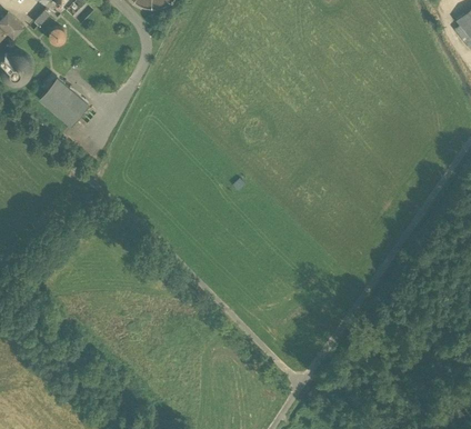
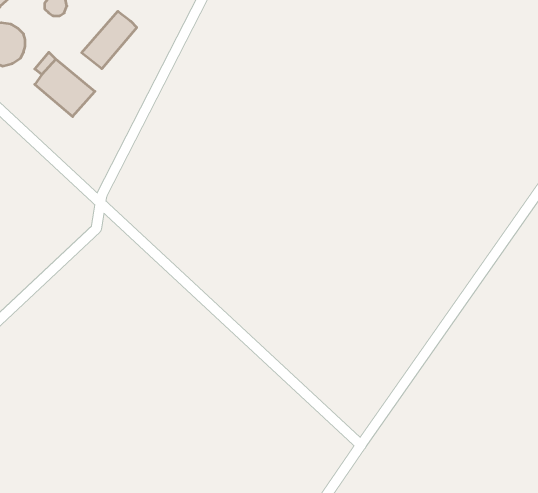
building: none -> [82,11,137,69]

